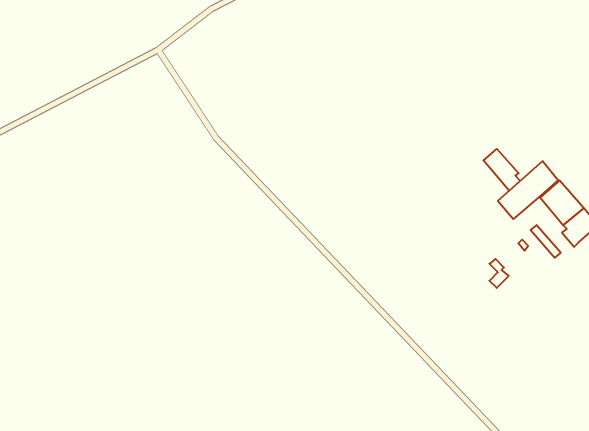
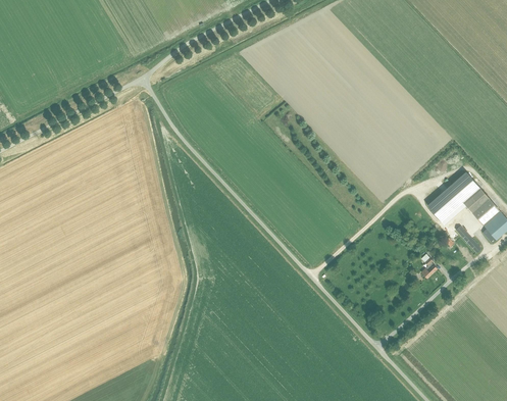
building: [483,149,520,191] -> none

